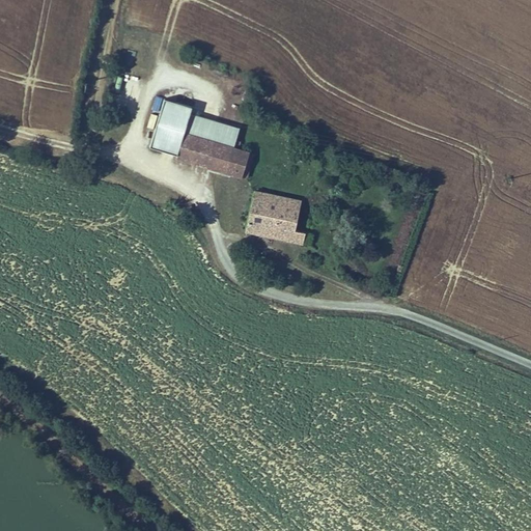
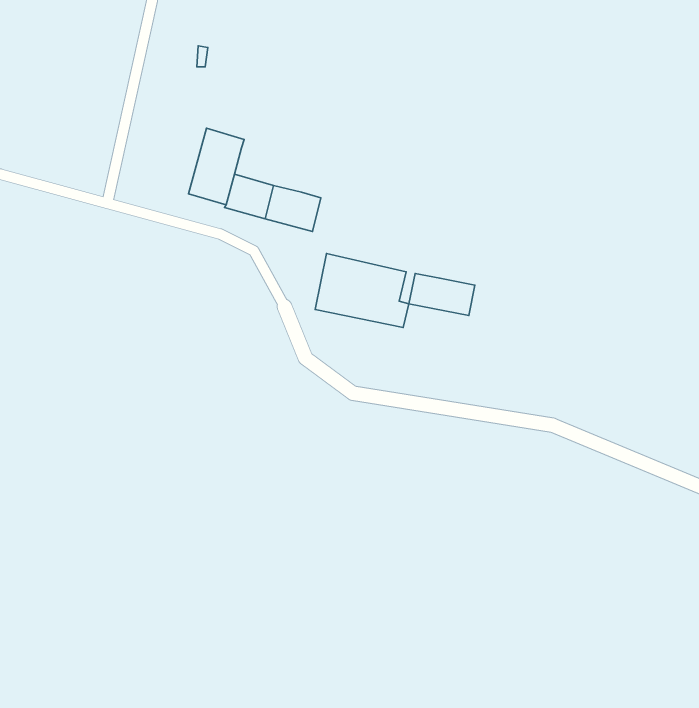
building: [185,113,240,146] -> none
building: none -> [409,274,475,316]

